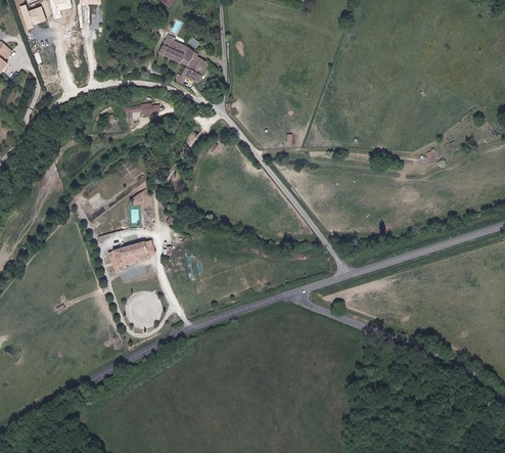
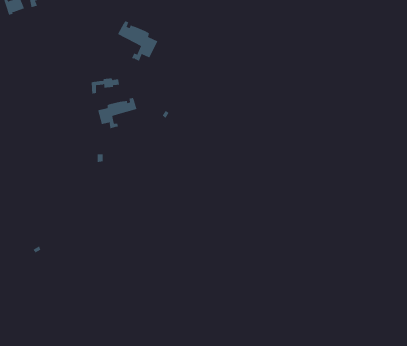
building: none -> [97,97,137,129]
building: [110,239,152,274] -> none

